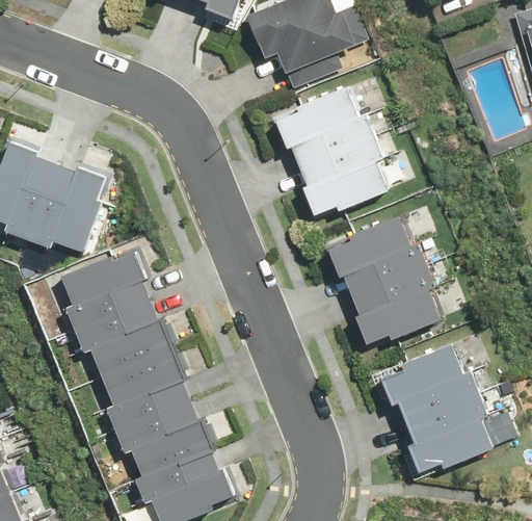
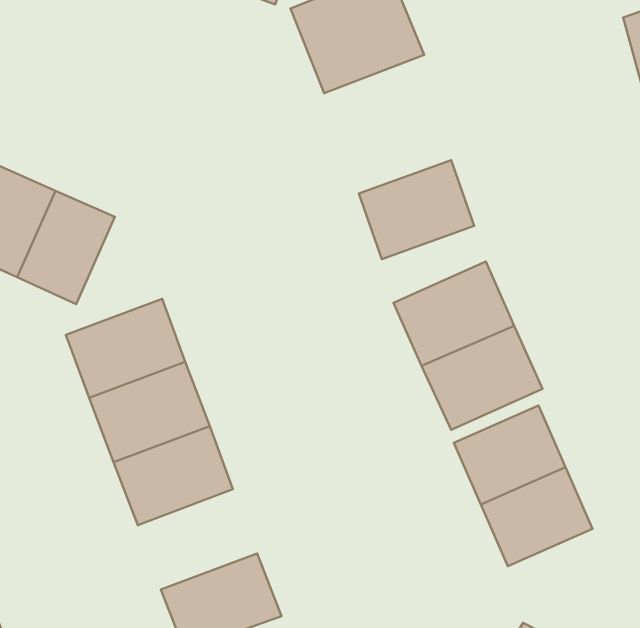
building: [278,84,373,163] -> none
building: [119,402,216,484] -> none

